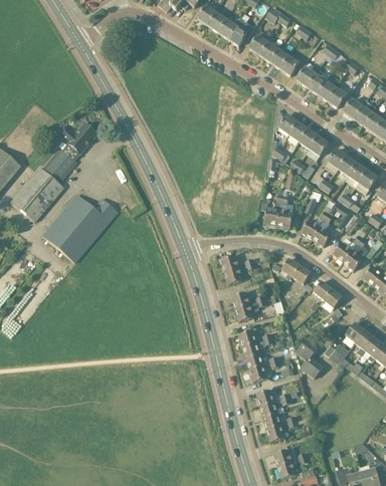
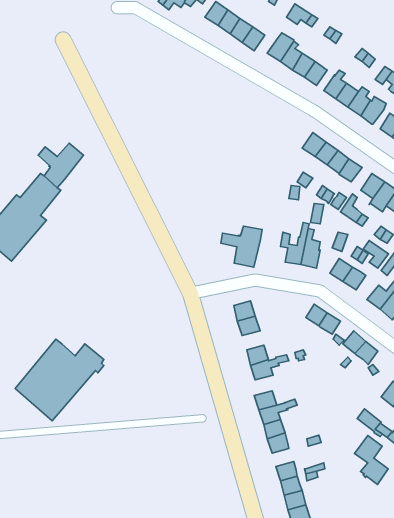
building: none -> [221,226,262,267]
building: [42,194,117,262] -> [15,339,104,421]
building: [296,338,324,380] -> [355,435,388,485]

